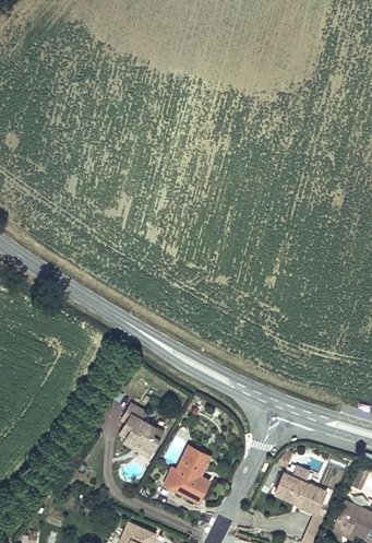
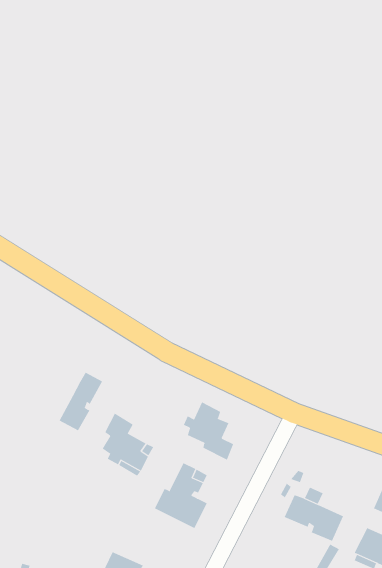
building: none -> [59,372,103,431]
building: none -> [183,401,234,460]

